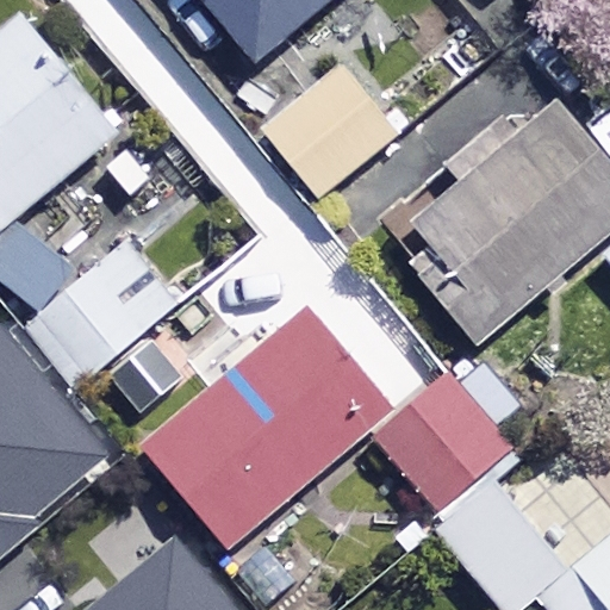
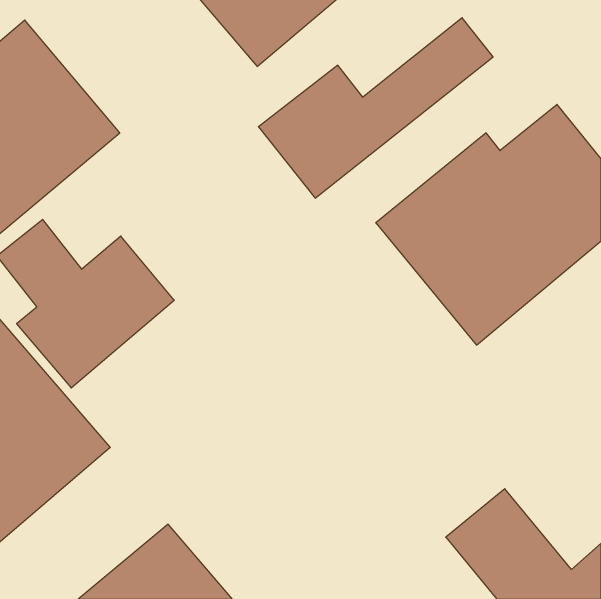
building: [144,309,388,544] -> none
building: [374,378,512,517] -> none

